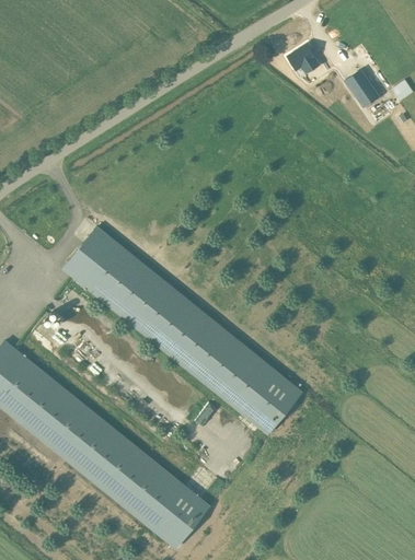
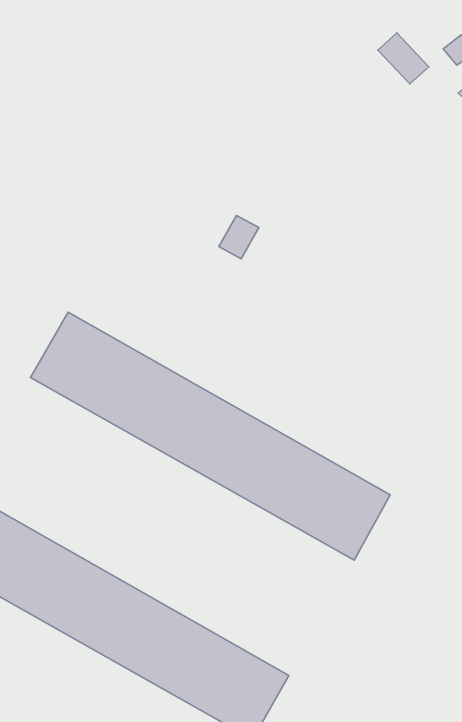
building: [286,43,318,75] -> none
building: none -> [219,215,259,259]

